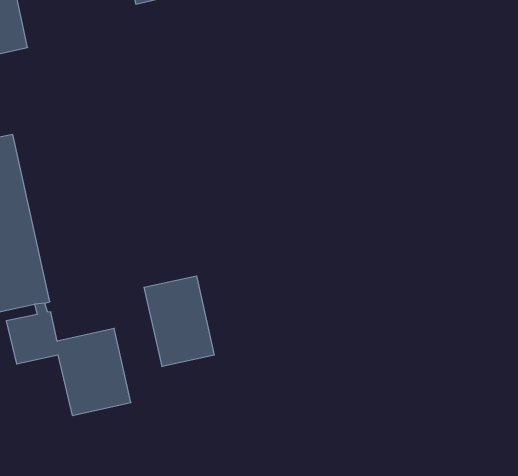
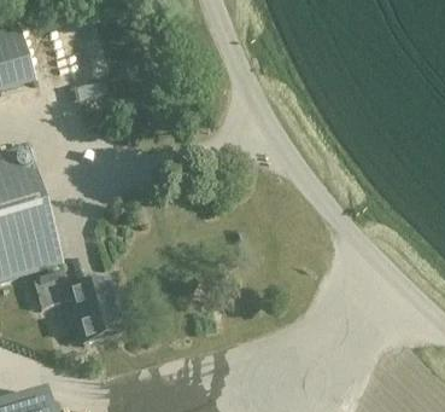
building: [144,276,214,367] -> none

